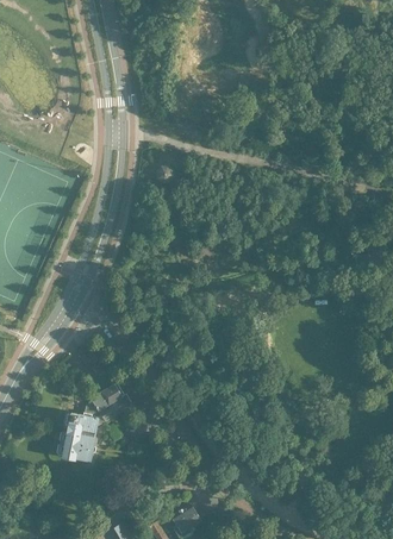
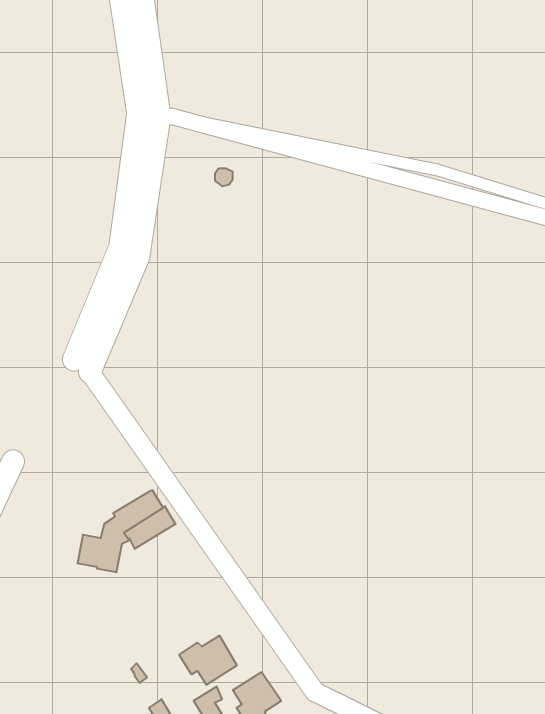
building: [57,432,95,462] -> none
building: none -> [179,636,237,685]

